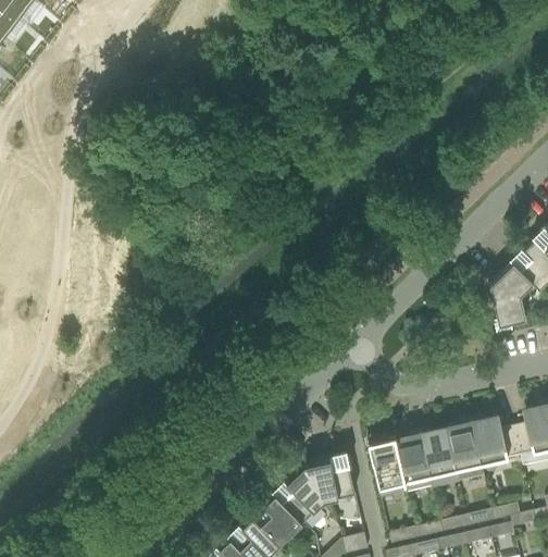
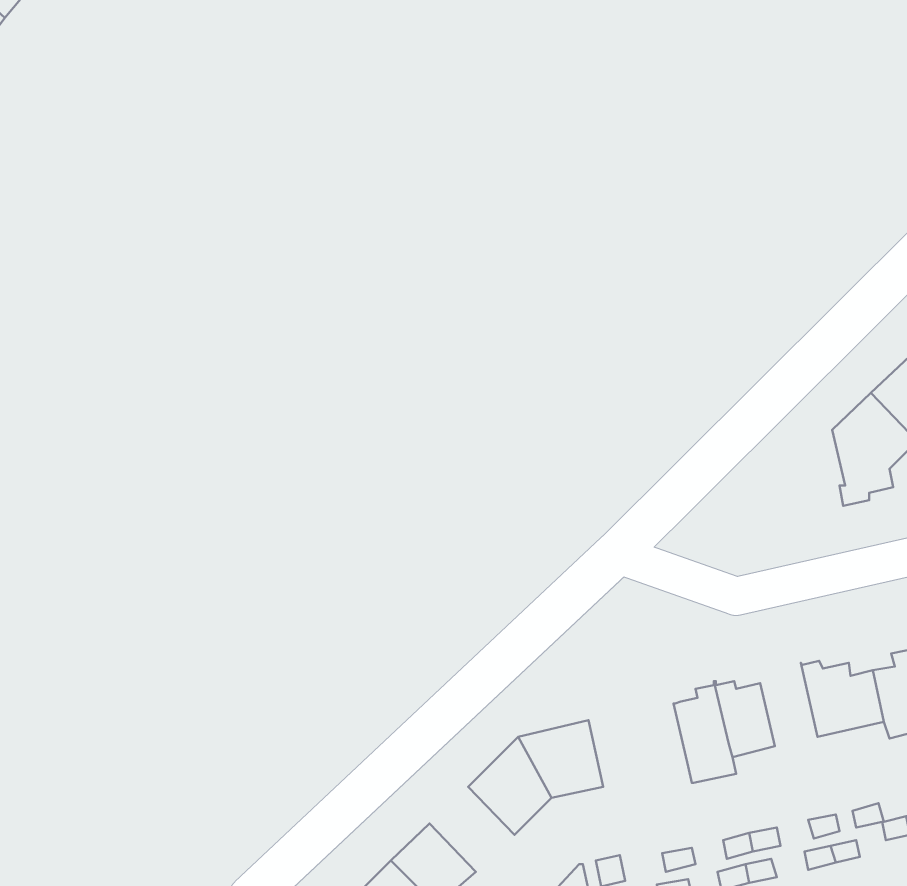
building: [448,419,485,479] -> none
building: [369,434,408,496] -> none
building: [253,492,303,542] -> none

